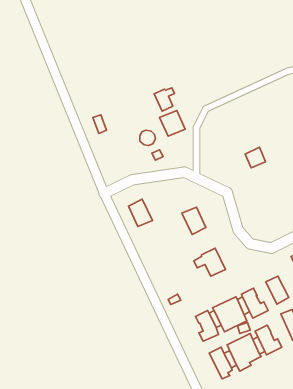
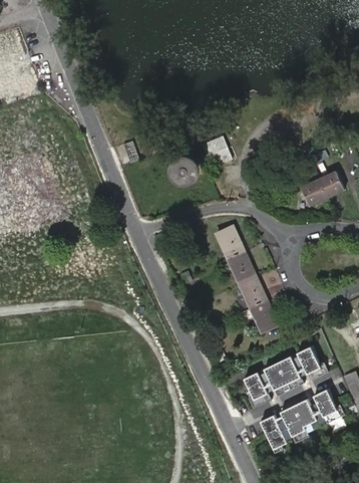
building: [154,88,174,111] -> none
building: none -> [318,172,343,197]
building: [128,199,152,227] -> [216,225,244,257]
building: none -> [239,274,266,306]
building: [266,276,289,304] -> none

